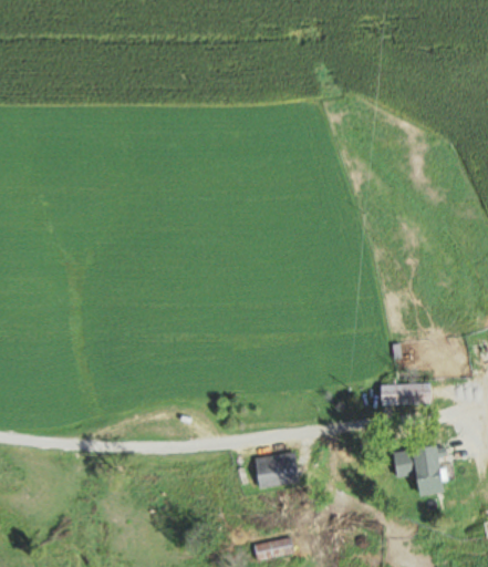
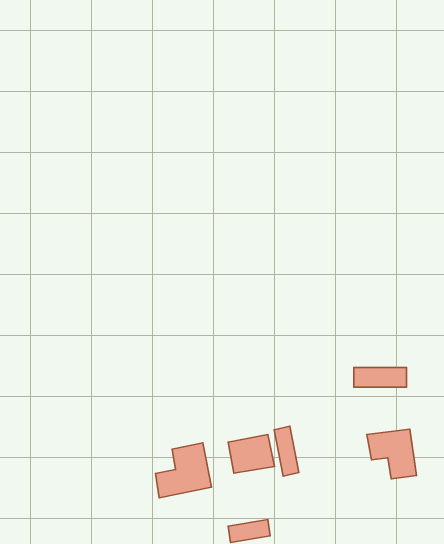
building: none -> [274,426,299,476]
building: none -> [155,443,211,498]

